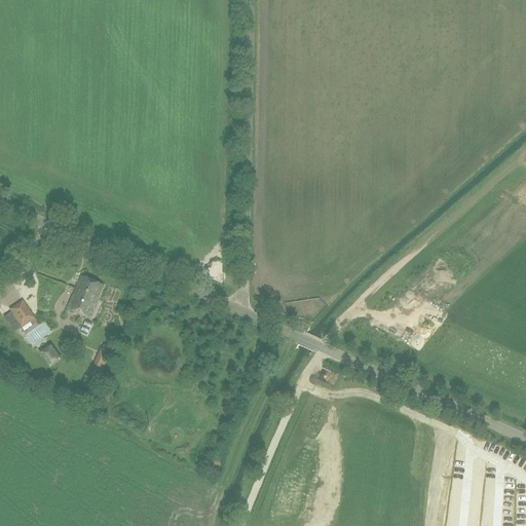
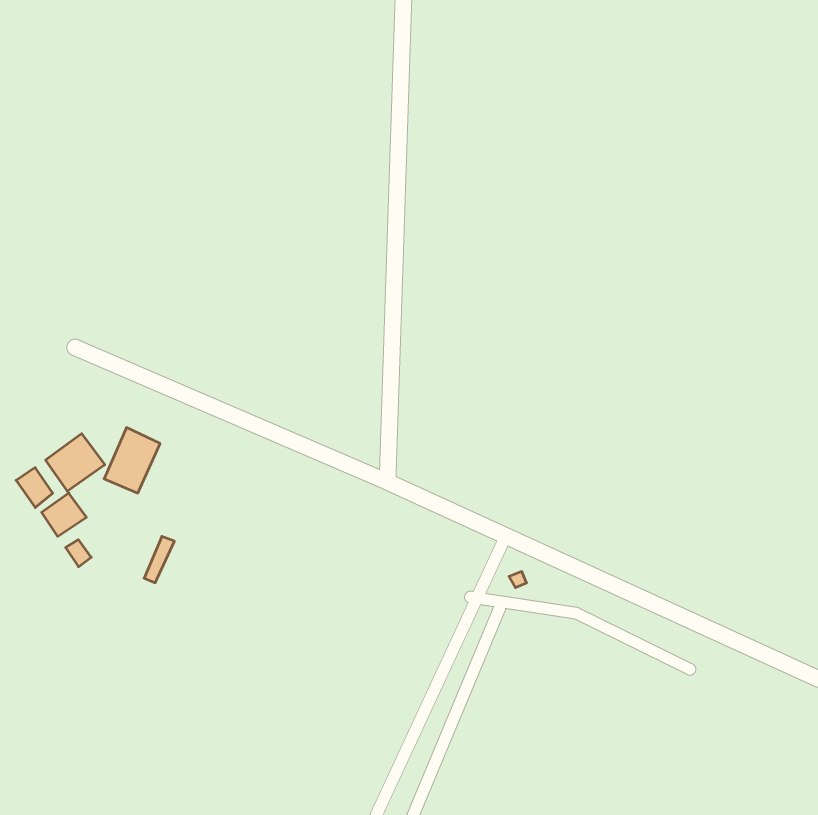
building: none -> [46,434,105,491]

